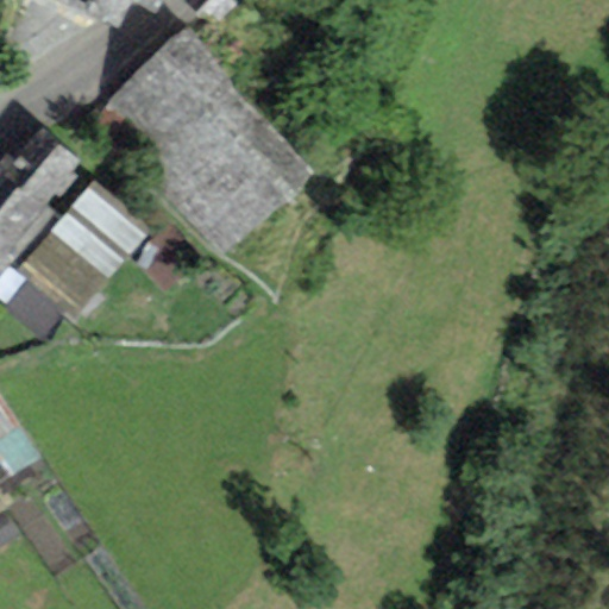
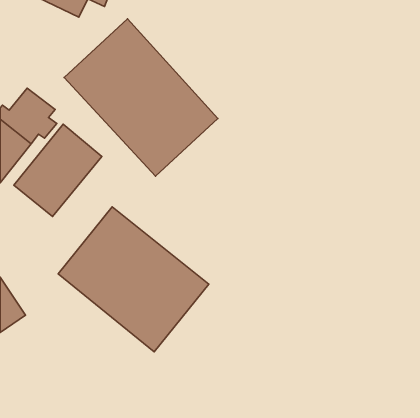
building: none -> [58,207,209,352]

